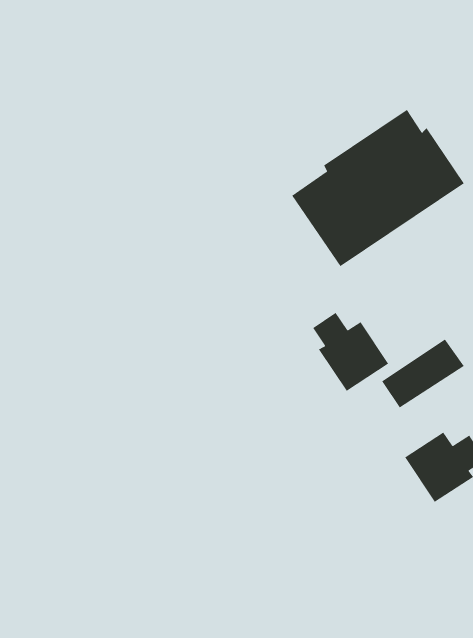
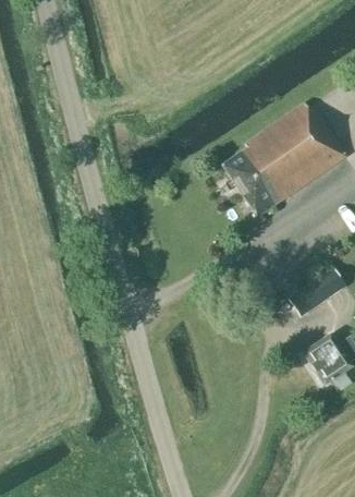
building: [312,312,389,392] -> none

